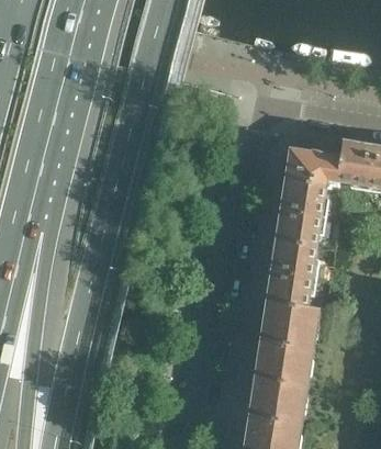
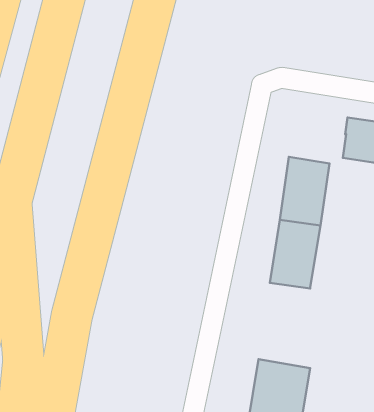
building: [285,148,341,184] -> none
building: [256,301,318,384] -> none

